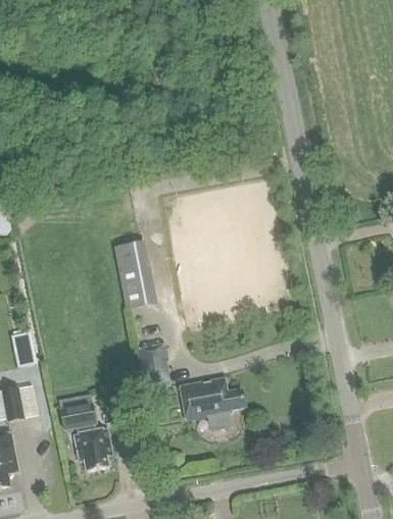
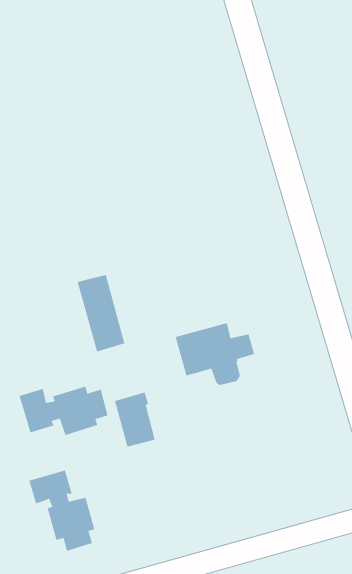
building: none -> [19,386,108,436]
building: [180,376,245,428] -> [175,322,255,385]

